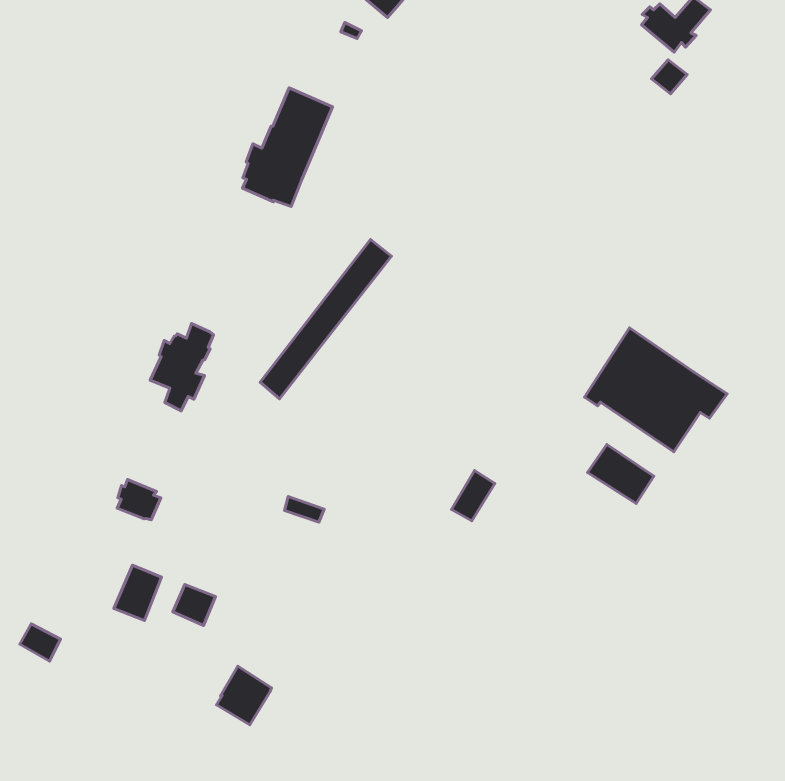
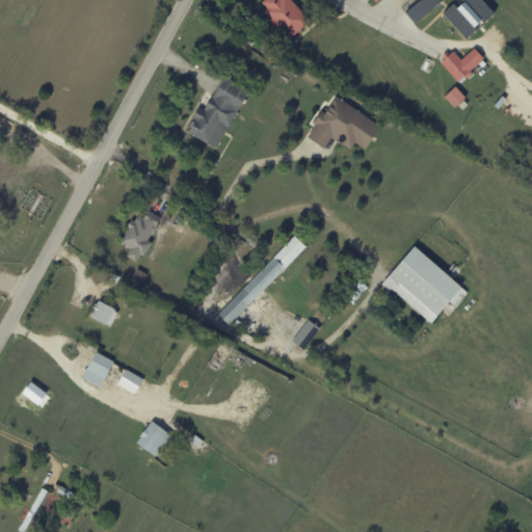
building: none -> [308,97,381,150]
building: [260,240,392,399] -> [218,236,307,325]
building: [588,445,654,503] -> none

